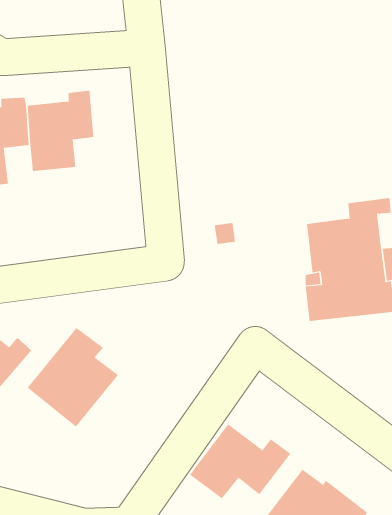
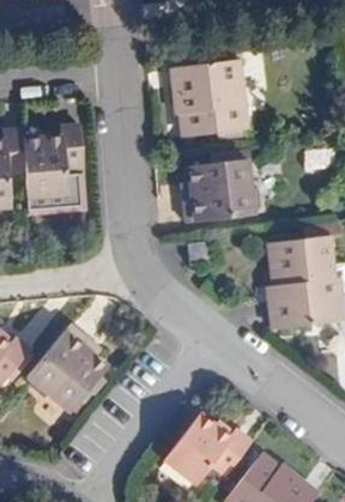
building: none -> [171,58,246,132]
building: none -> [182,161,253,219]

